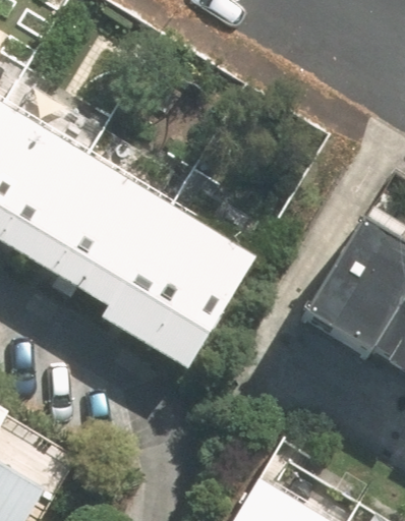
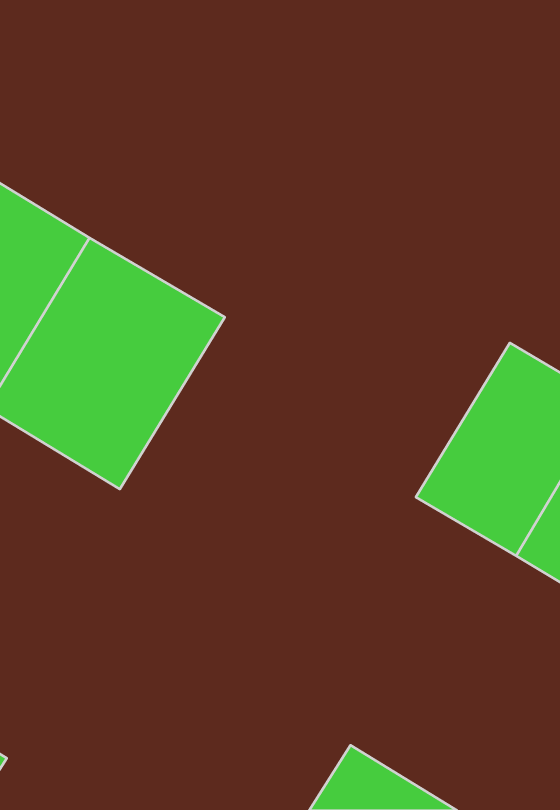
building: [114,205,267,366] -> none

